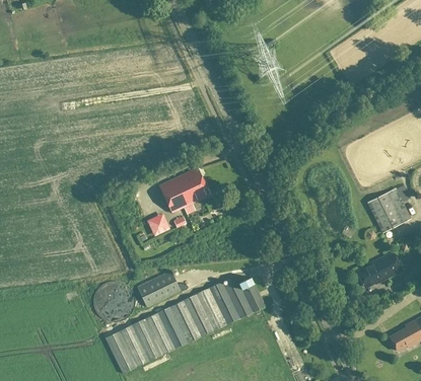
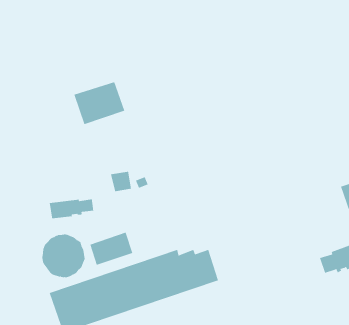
building: [158,167,209,212] -> [74,81,125,125]
building: none -> [49,199,94,219]

